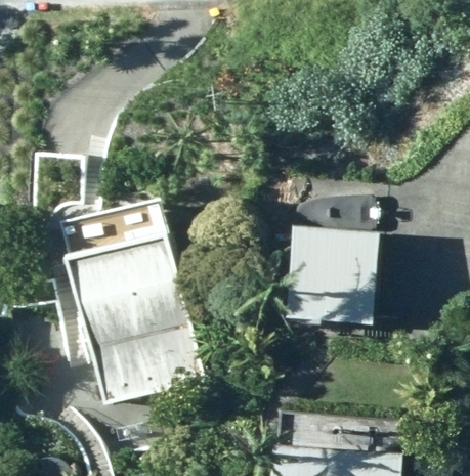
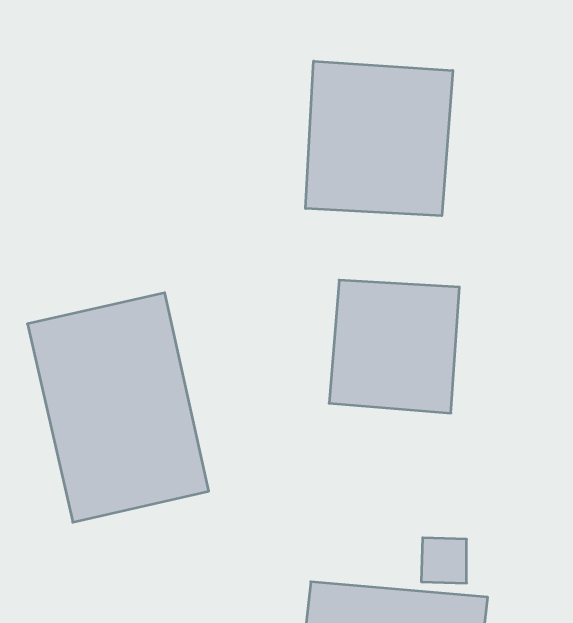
building: none -> [306,61,453,216]

